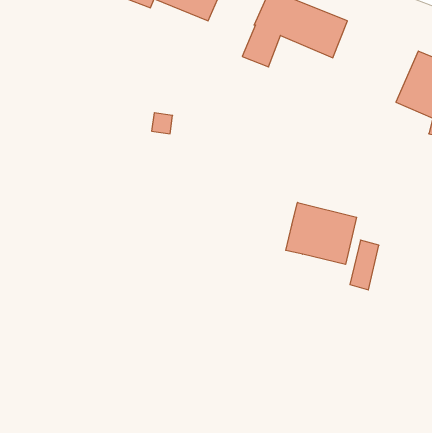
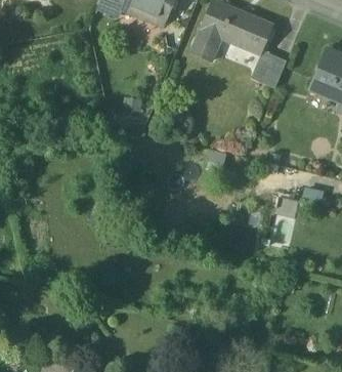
building: none -> [258,54,286,88]
building: [286,202,357,264] -> none

